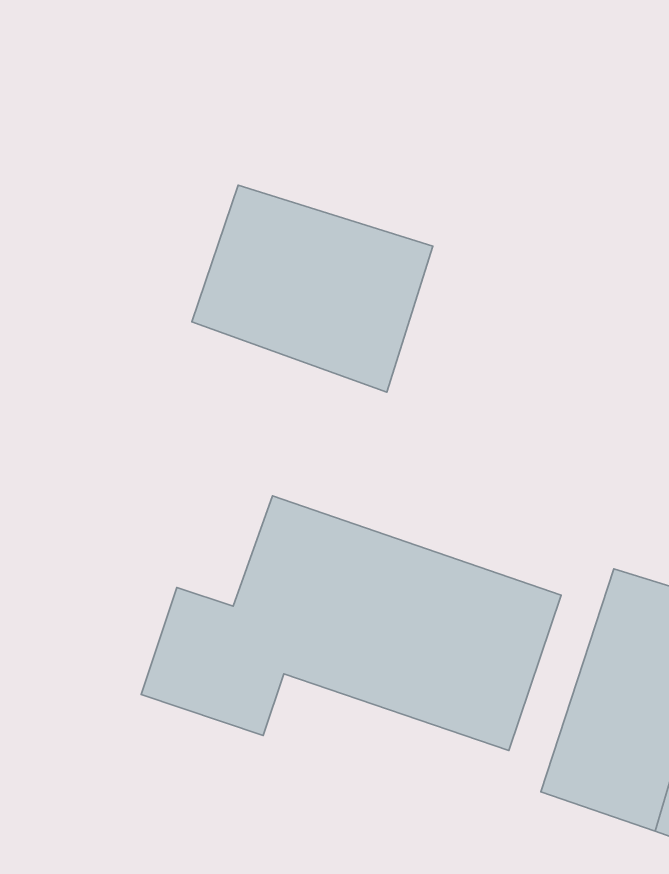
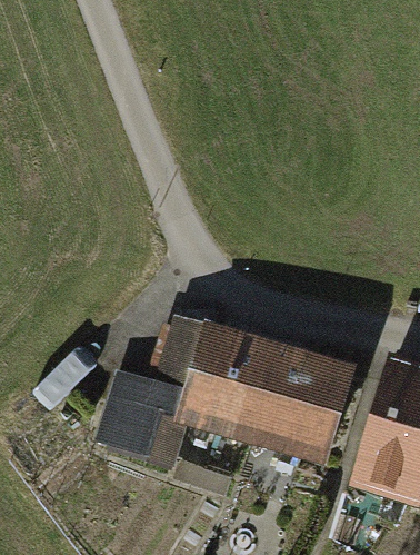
building: [192,185,433,392] -> none

